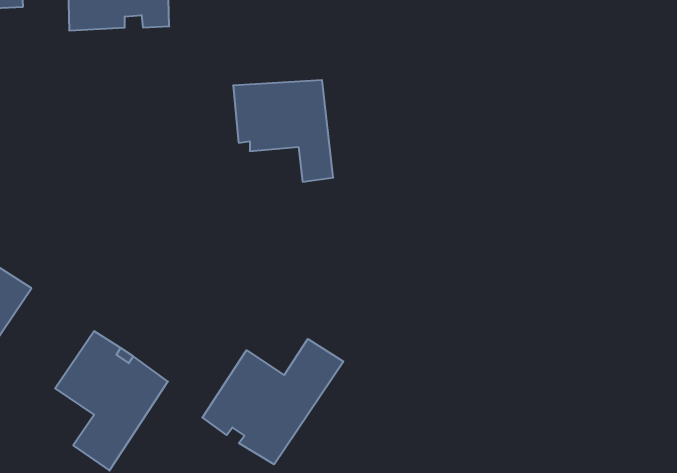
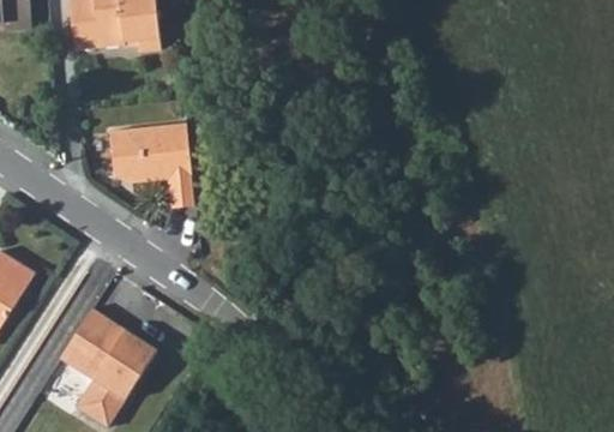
building: [233,80,333,182] -> [109,126,195,214]
building: [202,339,343,464] -> none

